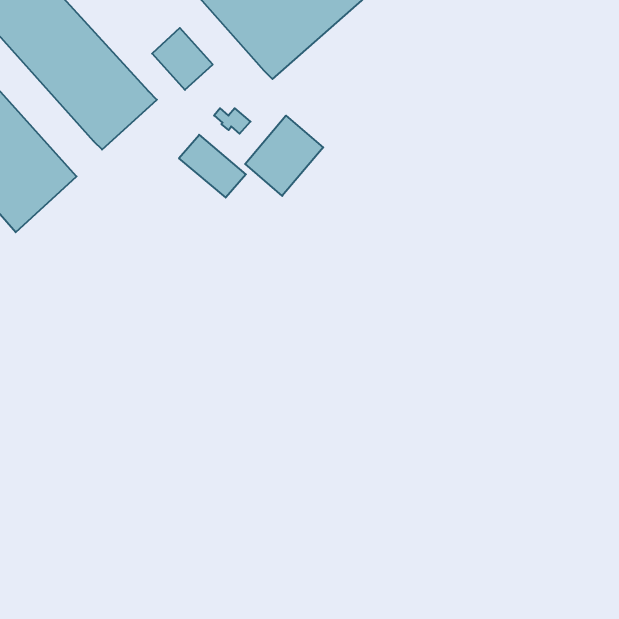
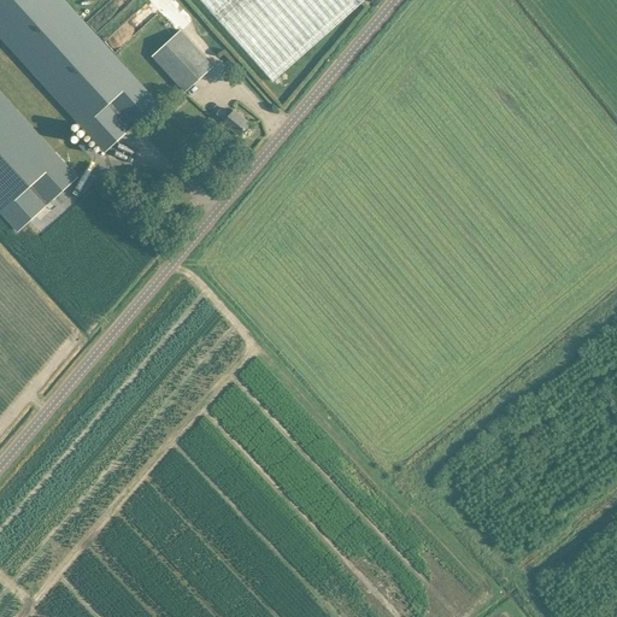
building: [245,116,323,196] -> none
building: [179,135,246,198] -> none

